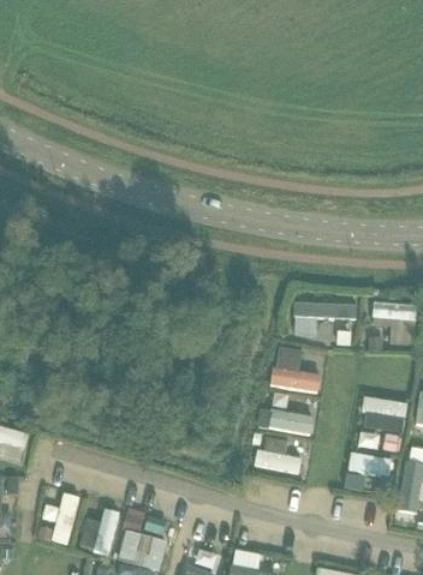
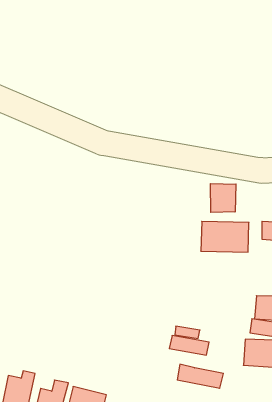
building: none -> [211,184,236,212]
building: [272,345,323,393] -> none
building: [256,405,316,436] -> [177,364,223,388]

